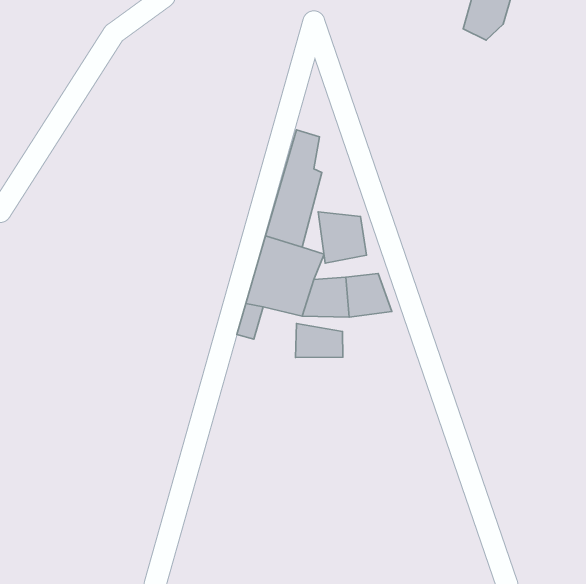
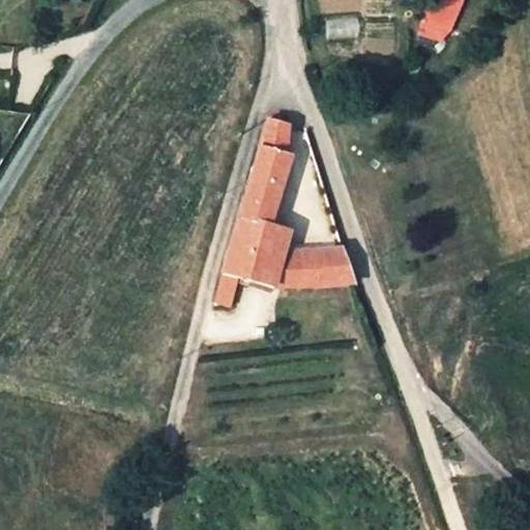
building: [318,212,367,263] -> none
building: [296,324,343,357] -> none

